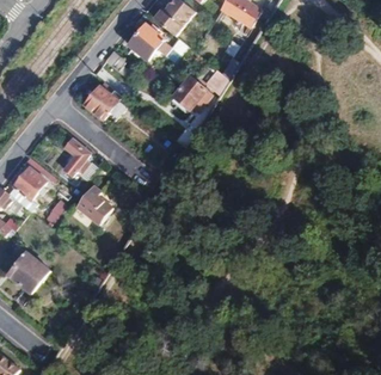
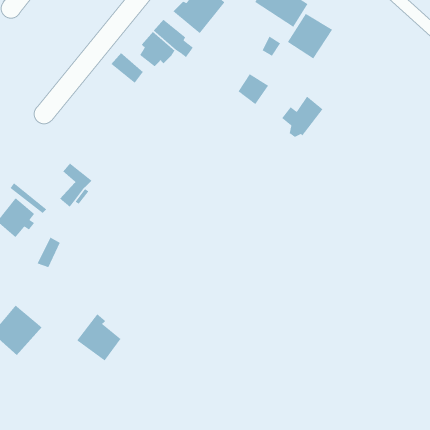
building: none -> [287,13,333,59]
building: [86,81,130,118] -> none
building: [174,81,208,115] -> [281,96,324,138]
building: [78,186,113,225] -> [76,313,121,362]

